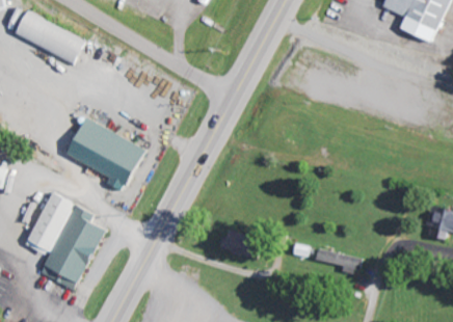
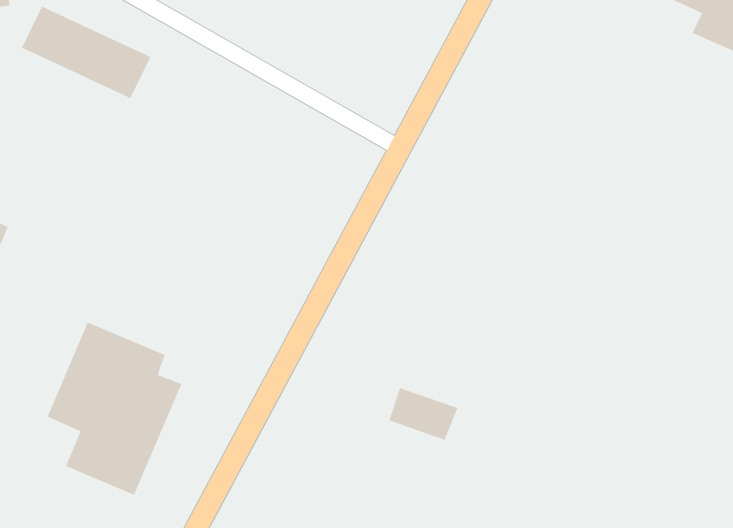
building: [65,117,146,192] -> none
building: [314,247,361,273] -> none

